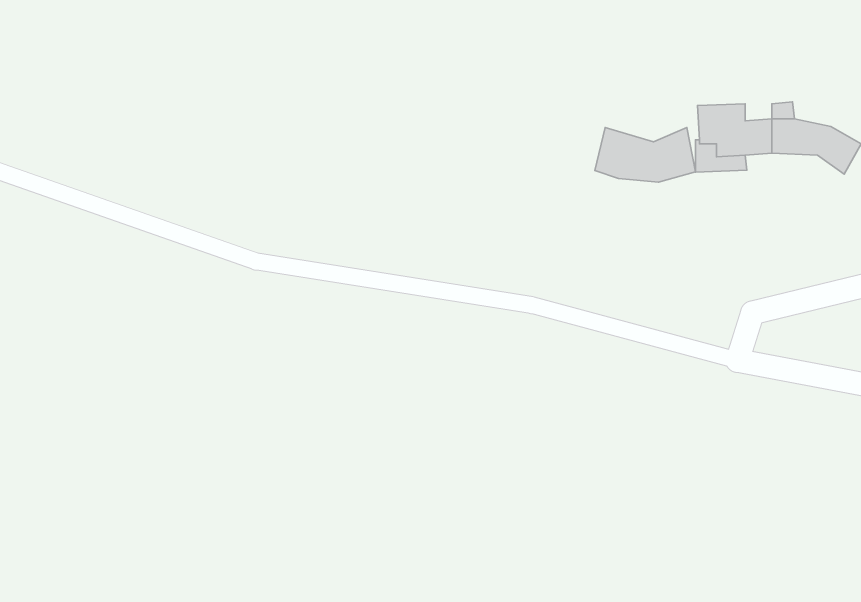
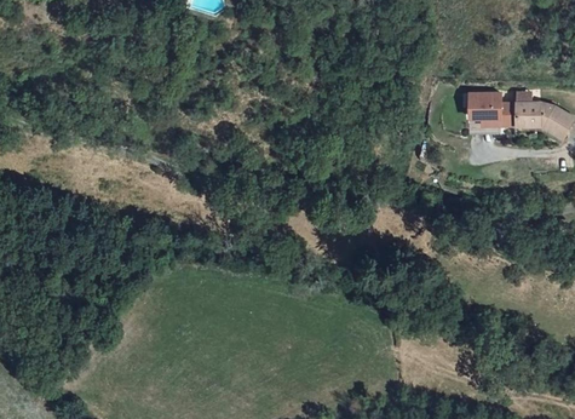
building: [595,128,696,182] -> none

